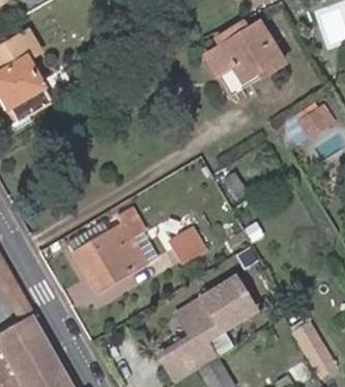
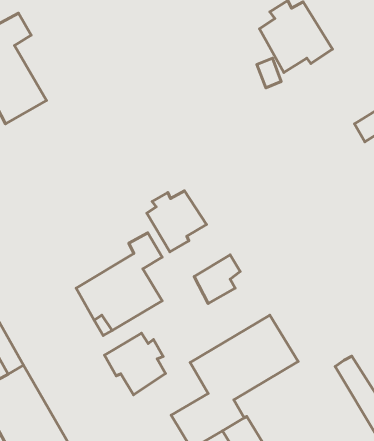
building: none -> [147,191,206,252]
building: none -> [104,333,165,395]

